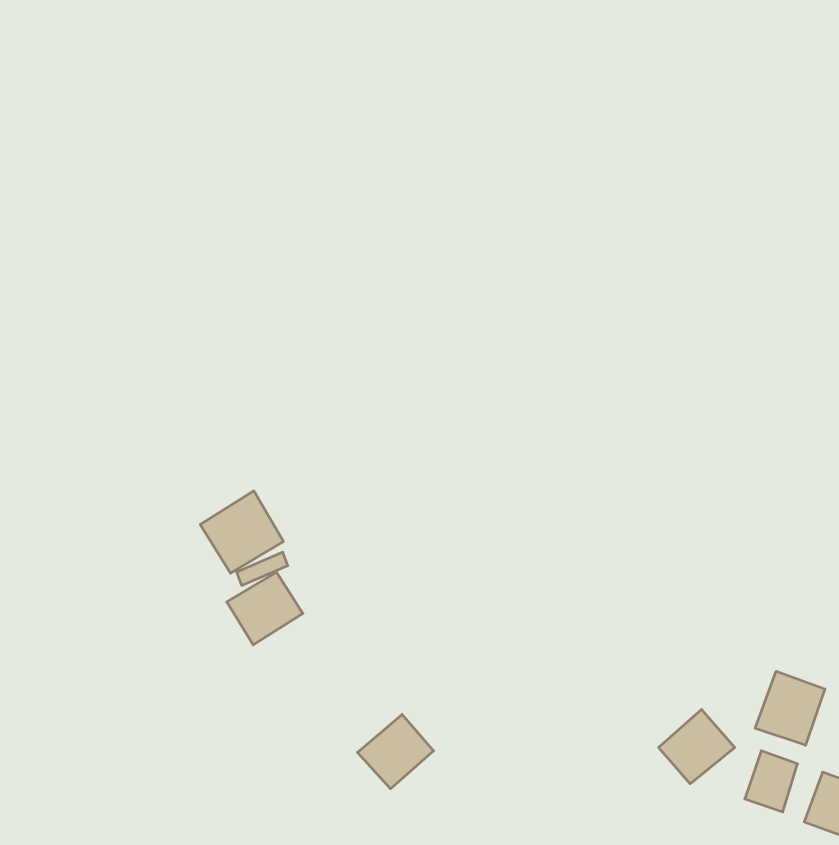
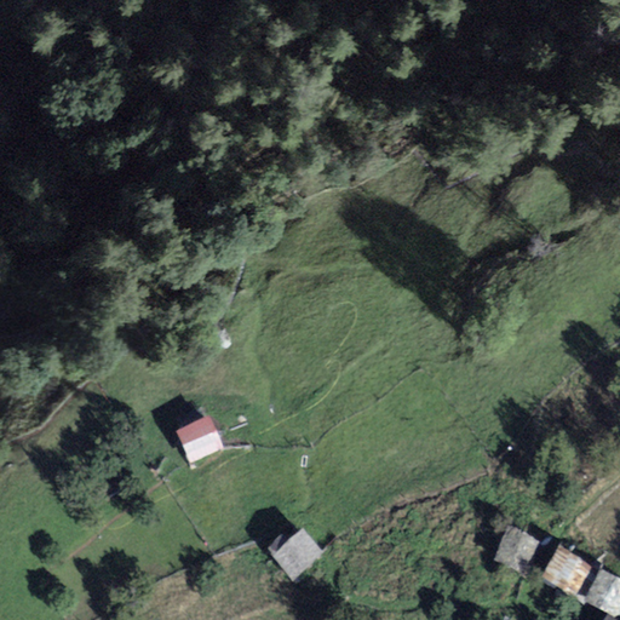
building: [200,491,283,573] -> none
building: [755,671,825,745] -> none

